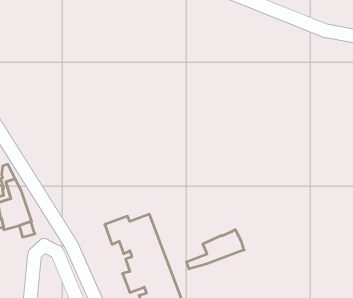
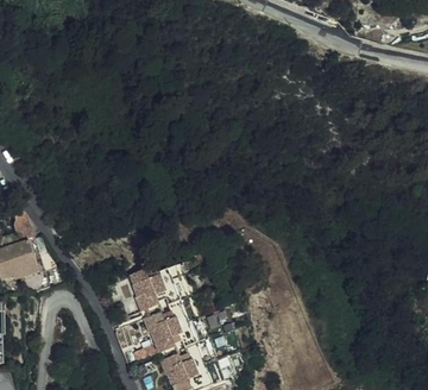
building: [186,230,244,269] -> none

